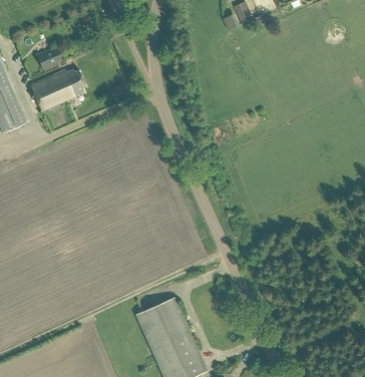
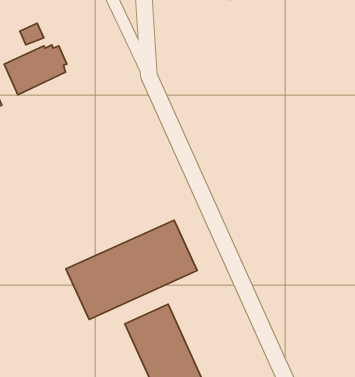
building: none -> [66,220,197,319]

